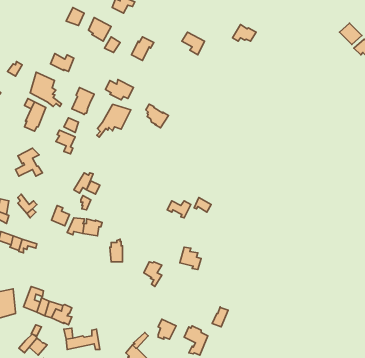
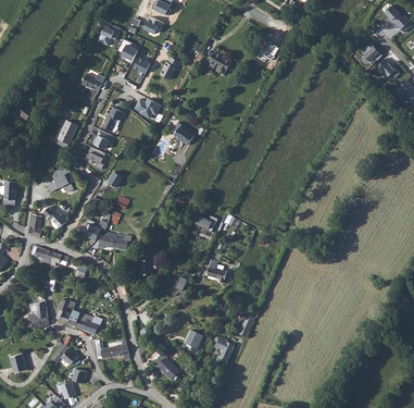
building: [30,72,61,107] -> none
building: [97,104,131,137] -> none

